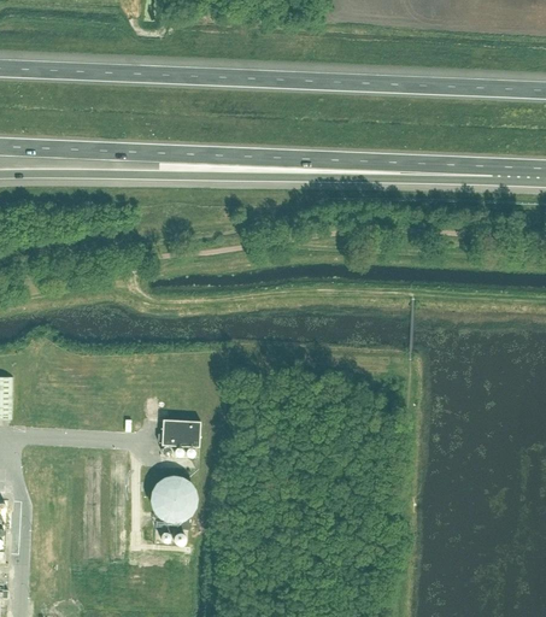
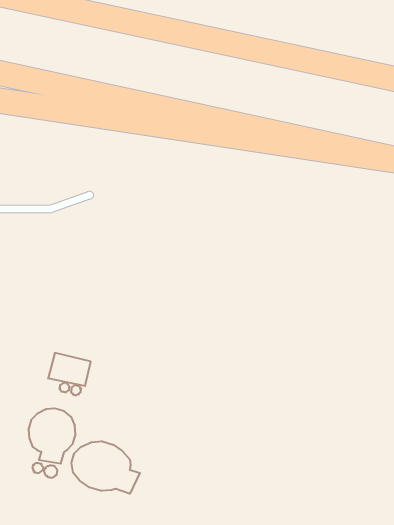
building: none -> [71,441,140,494]

